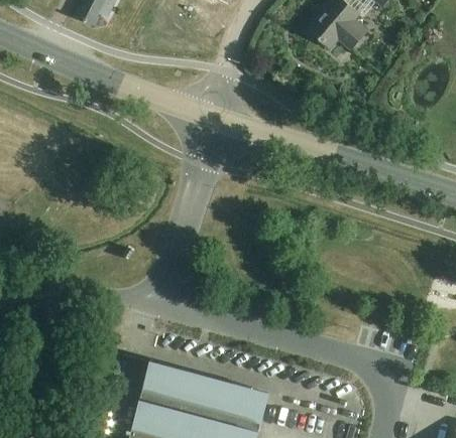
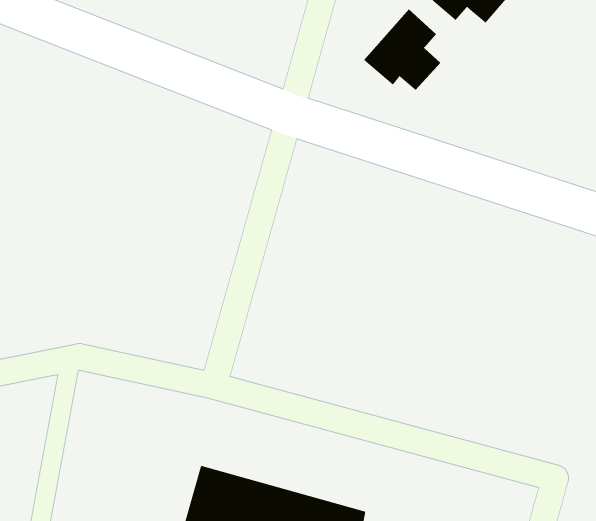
building: none -> [363,9,441,91]

